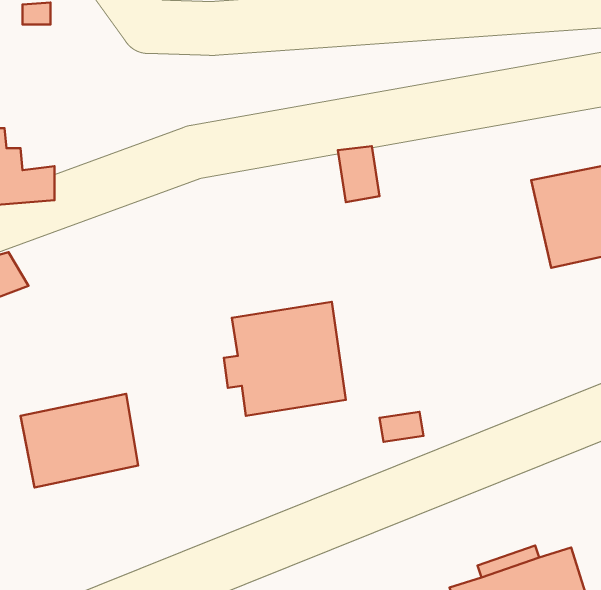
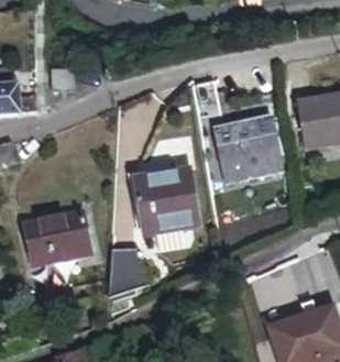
building: none -> [221,117,276,177]
building: none -> [108,243,152,290]

